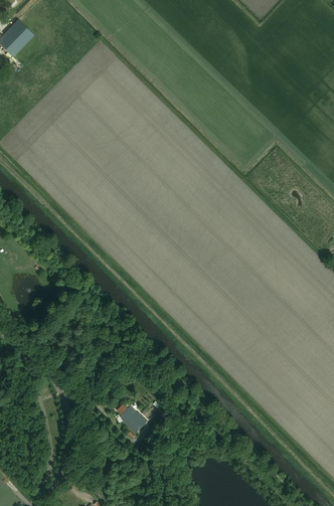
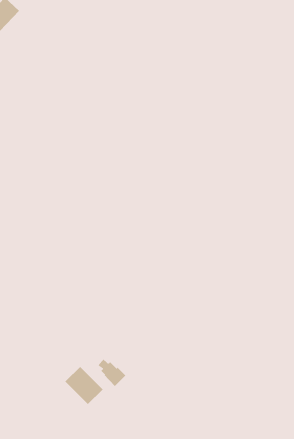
building: none -> [64,366,104,405]

